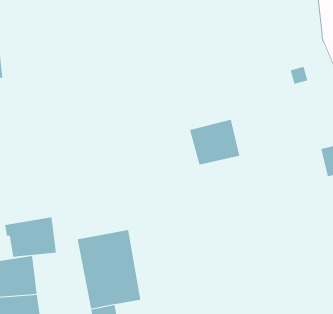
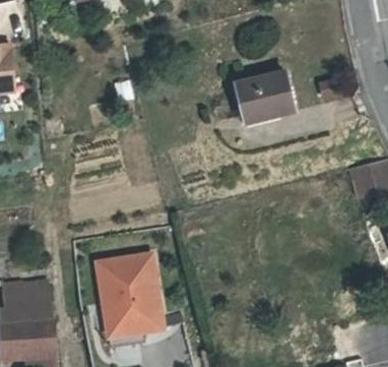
building: [189,119,240,165] -> [238,72,292,121]
building: [4,216,56,257] -> none

